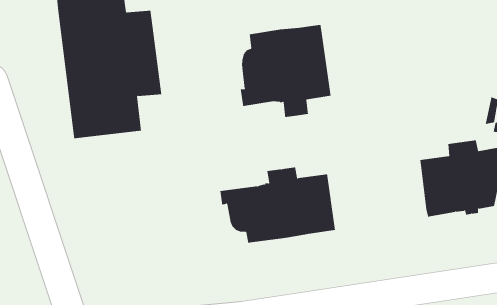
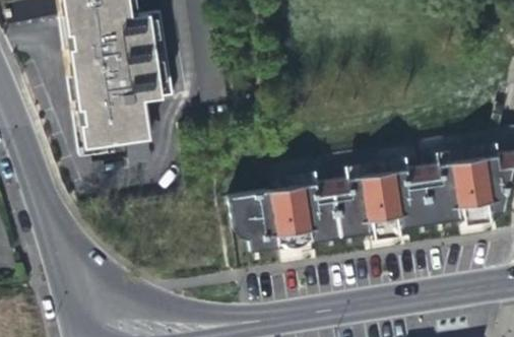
building: [240,24,331,118] -> none
building: none -> [337,156,438,235]

